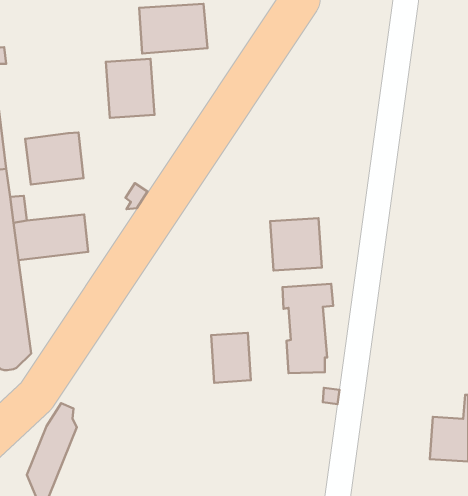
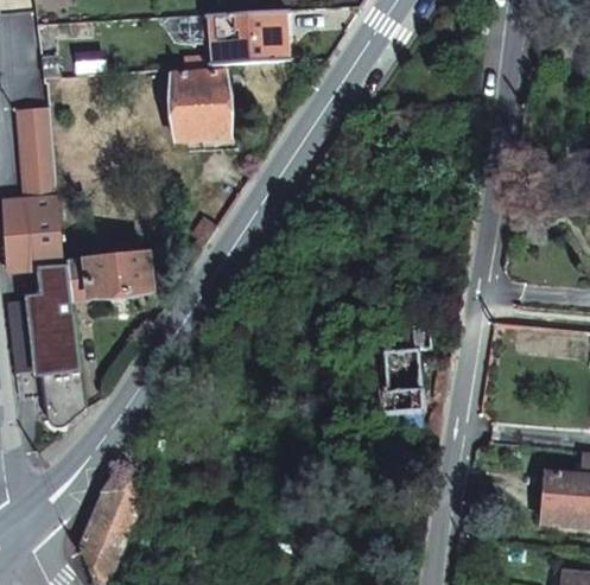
building: [25,132,83,184] -> none
building: [270,218,322,271] -> none
building: [211,333,251,383] -> none

